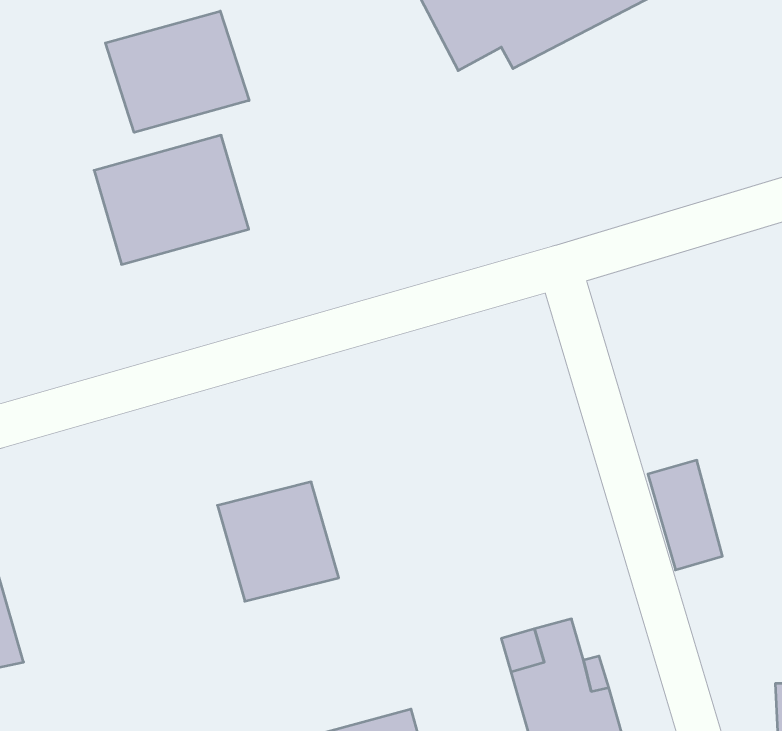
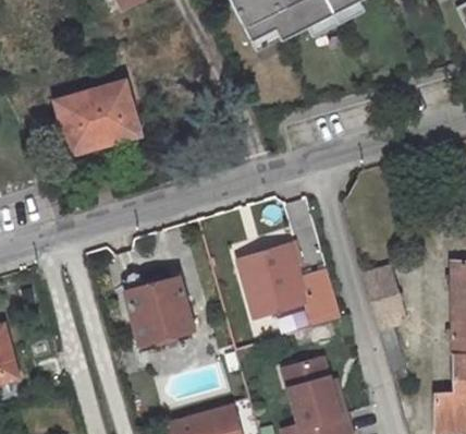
building: [105,11,249,132] -> none
building: none -> [241,242,336,324]

